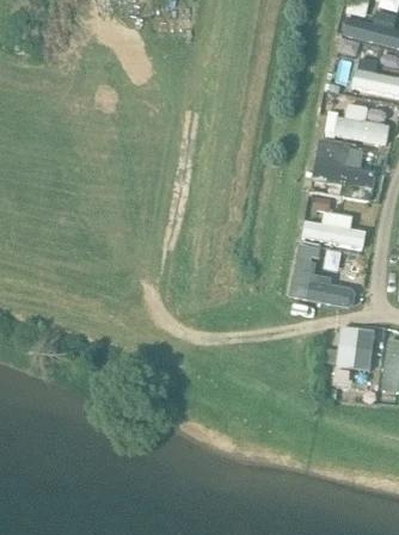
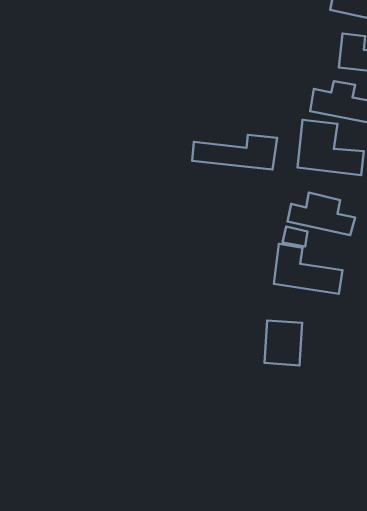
building: none -> [192,135,277,170]
building: [338,327,374,370] -> [265,320,302,365]

